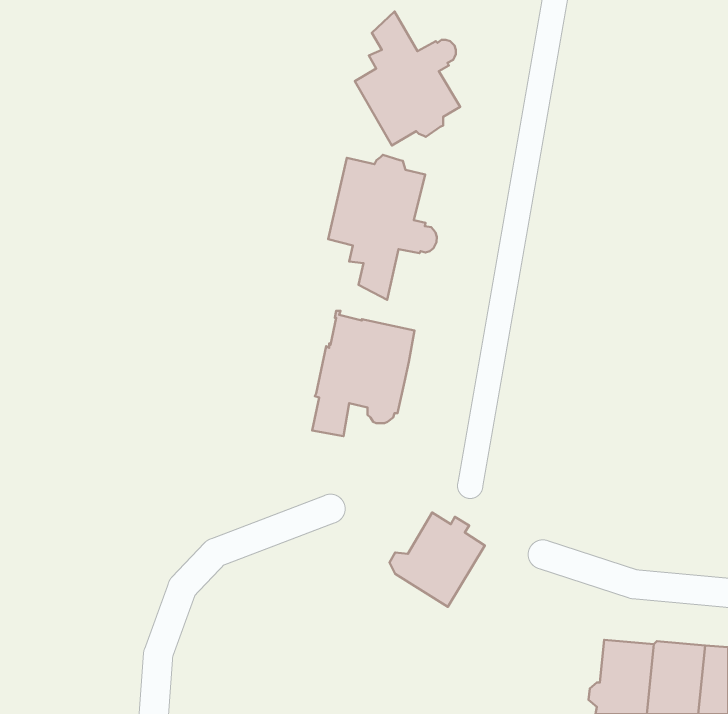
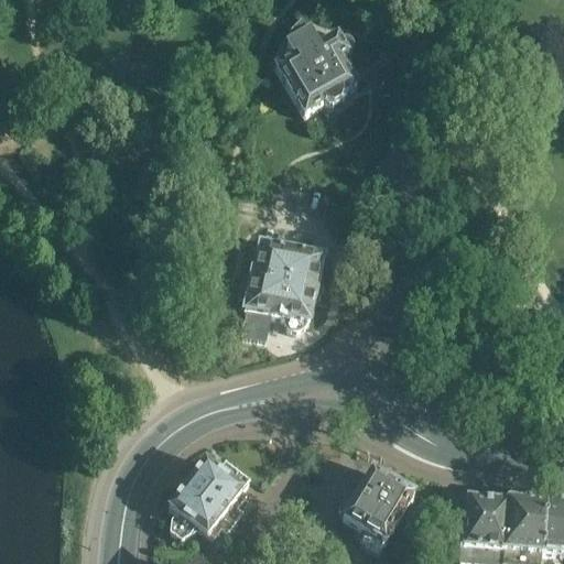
building: [328,155,437,300] -> none
building: [389,513,485,607] -> [338,466,412,539]
building: none -> [169,456,249,535]

